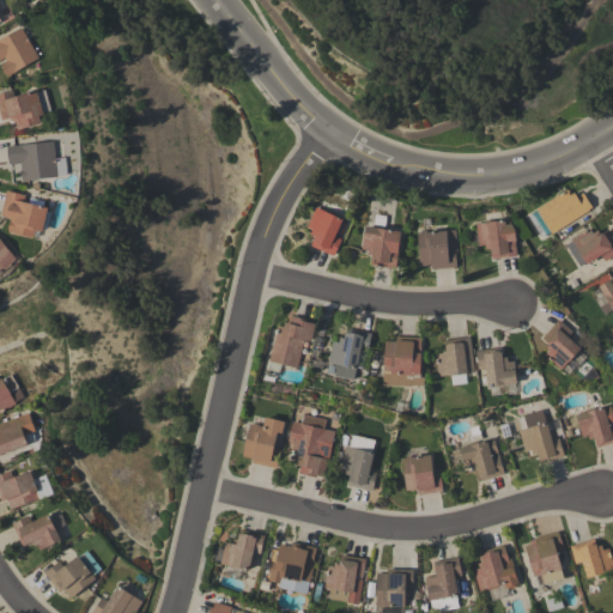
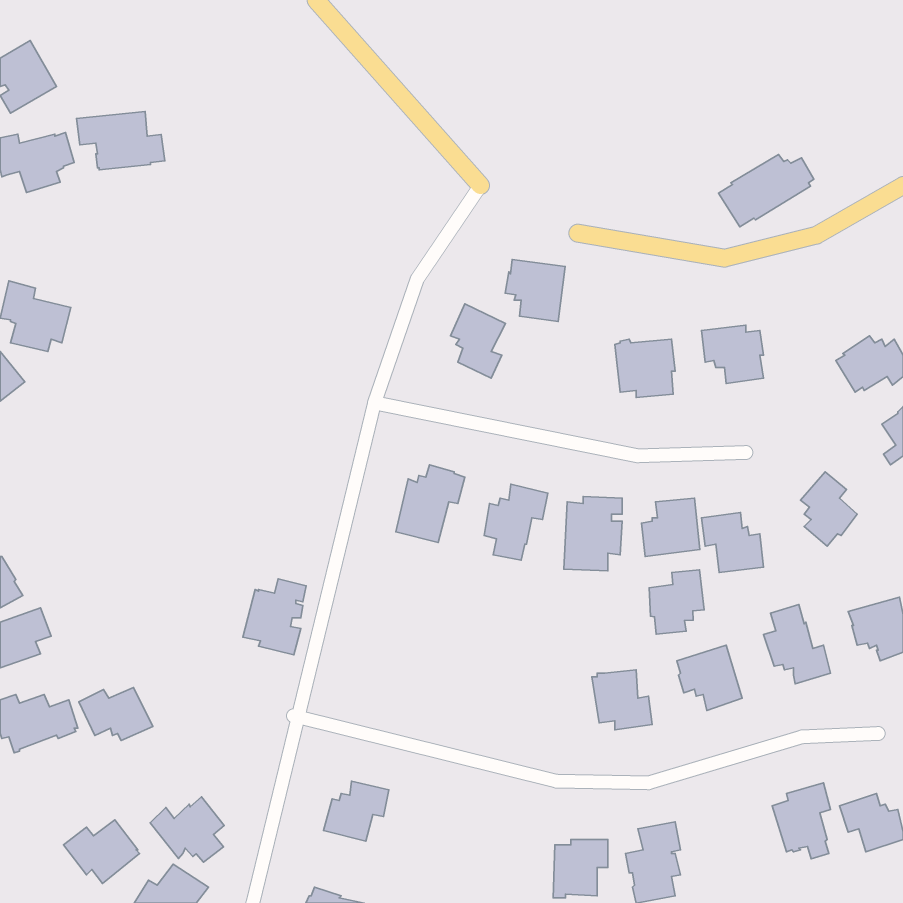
building: [7,141,67,181] -> [76,111,165,170]
building: [527,189,591,238] -> [719,154,814,227]
building: [360,226,401,268] -> [505,260,565,321]
building: none -> [649,570,704,634]
building: [287,414,334,477] -> none
building: [241,417,284,468] -> [243,579,306,655]
building: [339,445,376,491] -> none
building: [11,514,61,550] -> [79,688,153,741]
building: none -> [150,797,224,862]
building: [267,541,316,595] -> none
building: [472,545,518,591] -> none
building: [323,554,365,605] -> none

